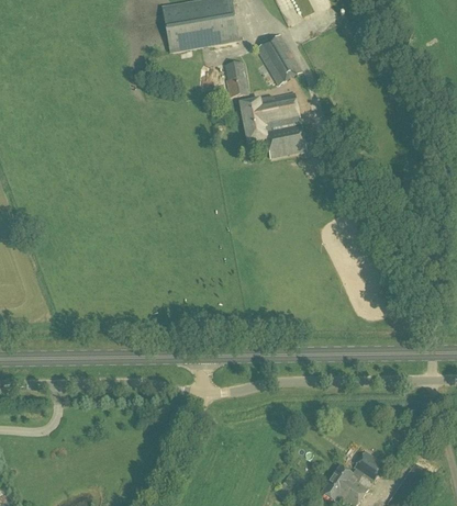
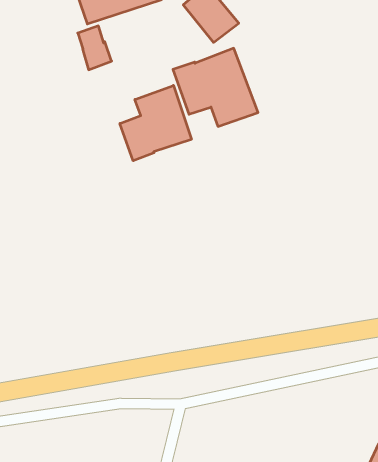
building: [222,60,247,97] -> [78,26,112,70]
building: none -> [120,85,191,161]

